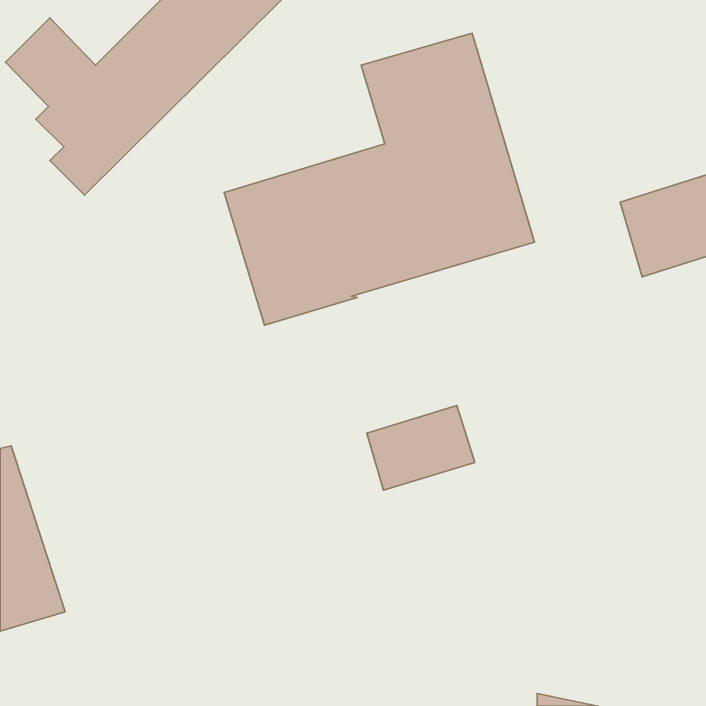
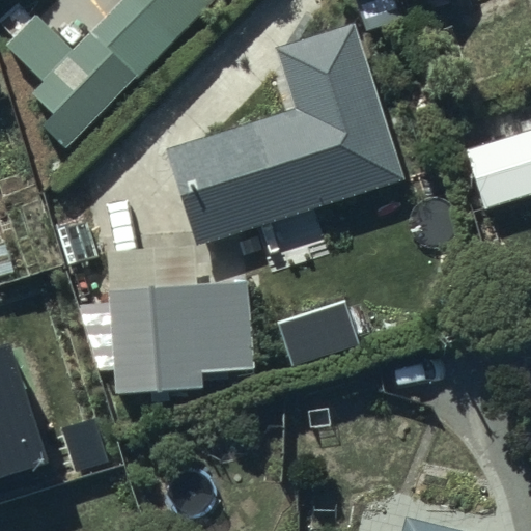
building: none -> [106,288,252,393]

